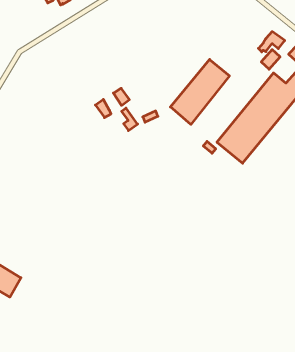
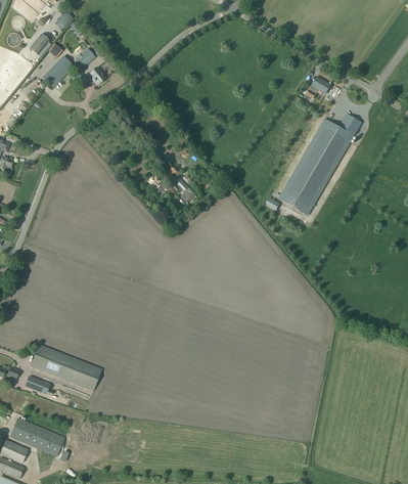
building: [170,59,229,124] -> none

